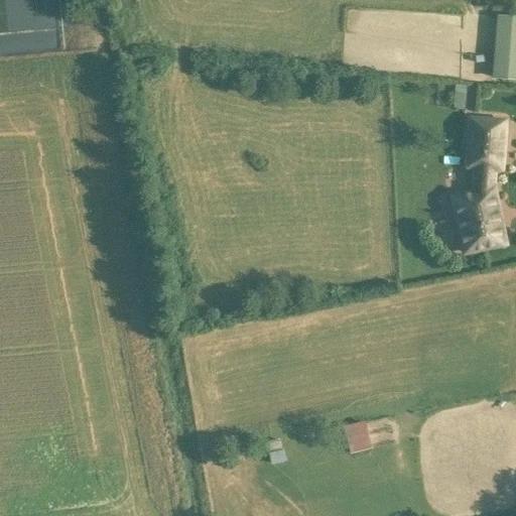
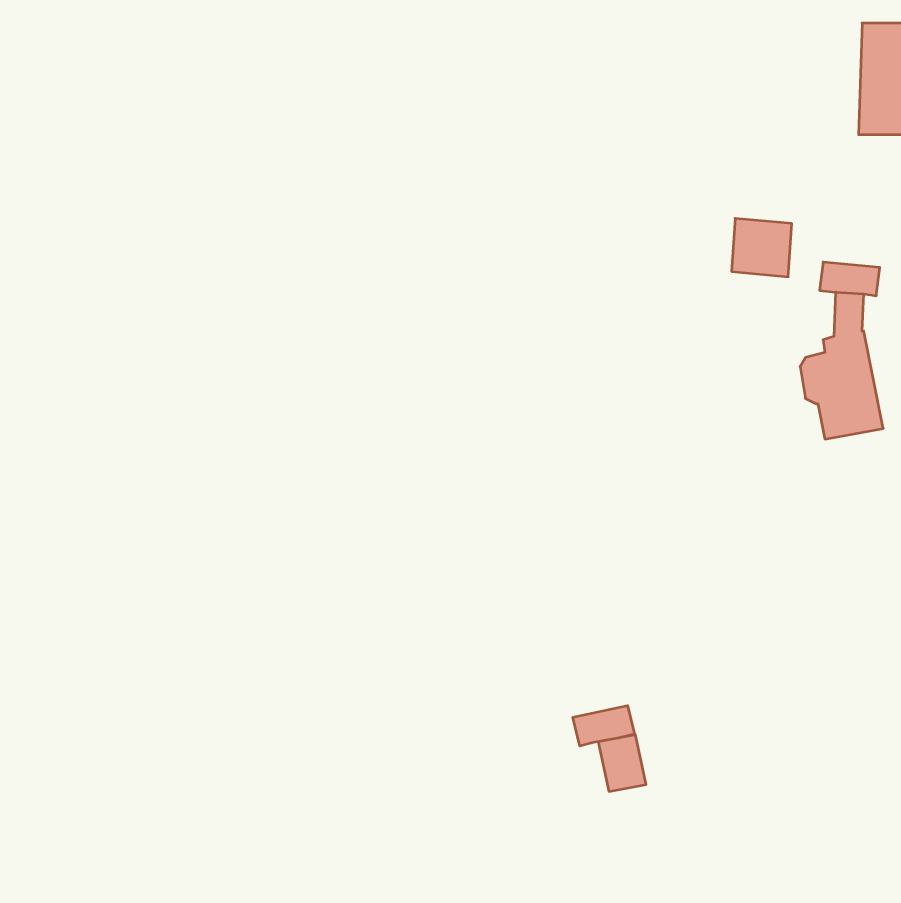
building: [471,119,505,152] -> [732,218,792,277]
building: none -> [573,706,635,746]

